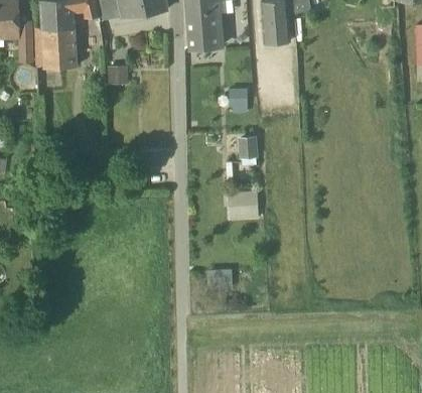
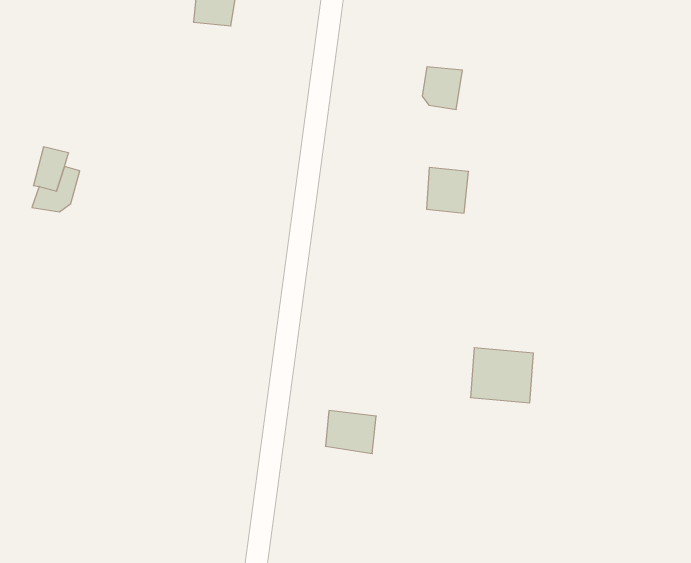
building: [231,192,263,220] -> [470,348,533,403]

